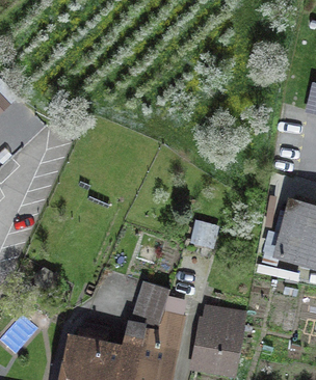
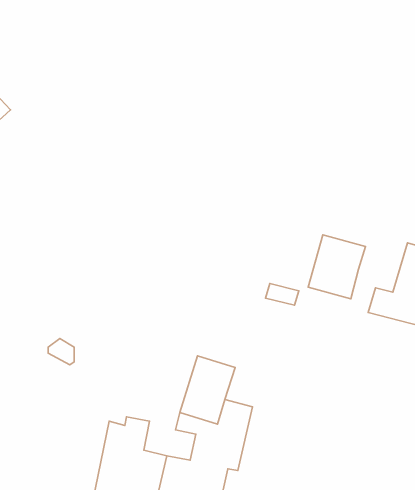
building: none -> [308,235,365,299]
building: [194,306,245,372] -> none

